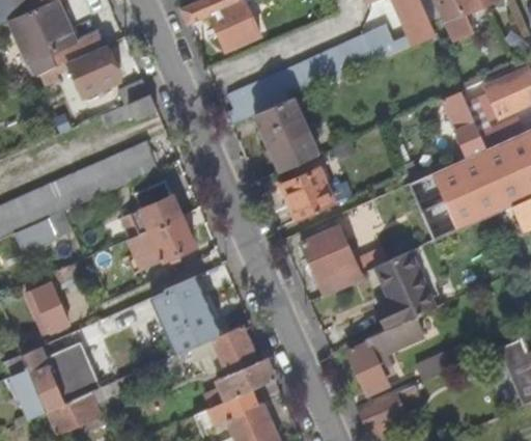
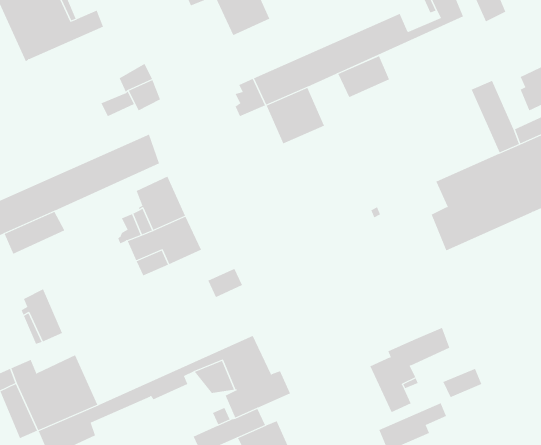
building: [38,43,122,94] -> none
building: [270,133,317,171] -> [337,56,390,98]
building: [276,168,334,224] -> none
building: [301,226,361,295] -> none
building: [375,250,434,328] -> none
building: [151,271,223,350] -> none

